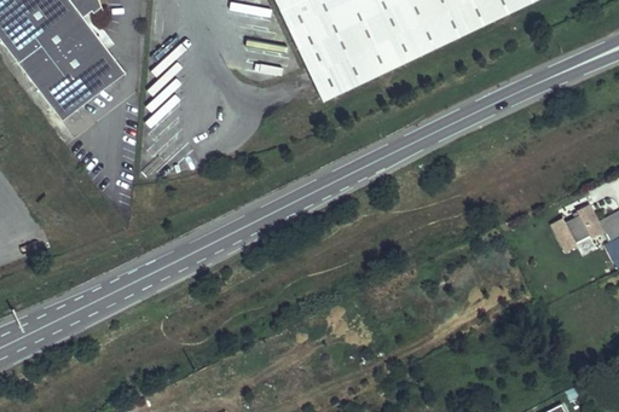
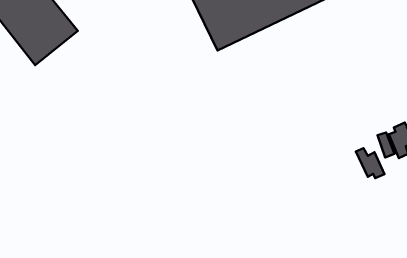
building: none -> [356,148,384,178]

